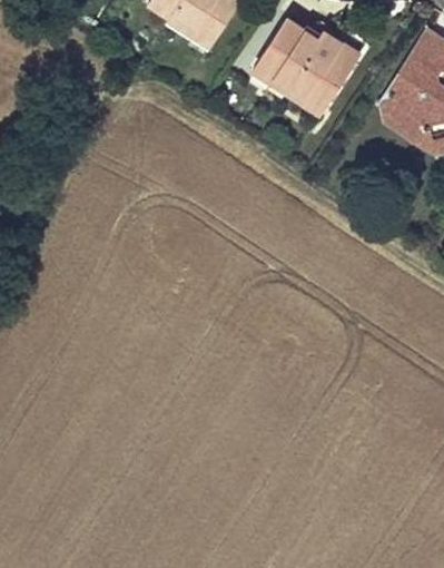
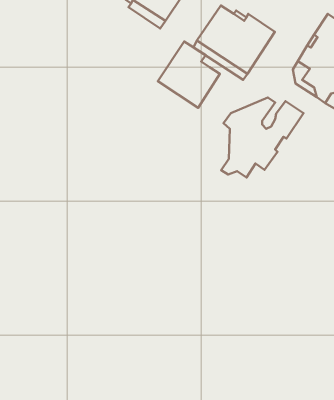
building: none -> [158,42,220,108]
building: none -> [221,98,303,178]

